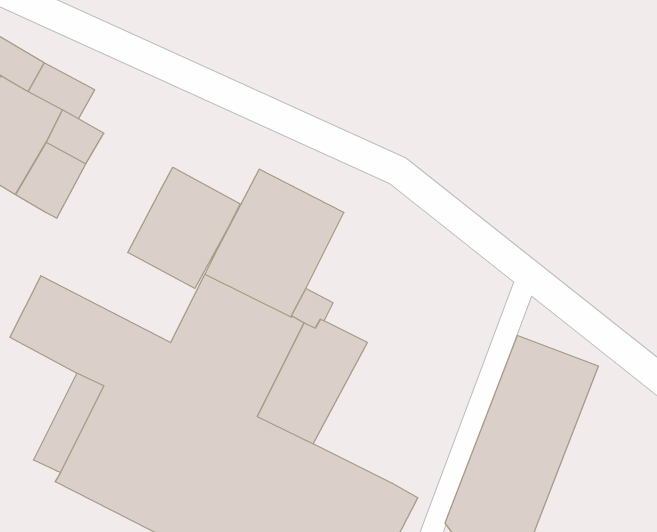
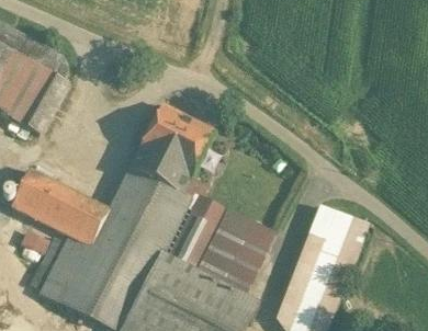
building: [128,167,241,288] -> none
building: none -> [194,209,273,295]

